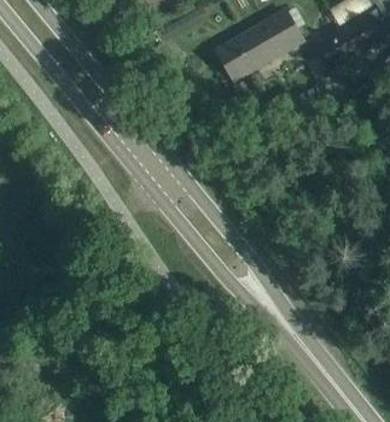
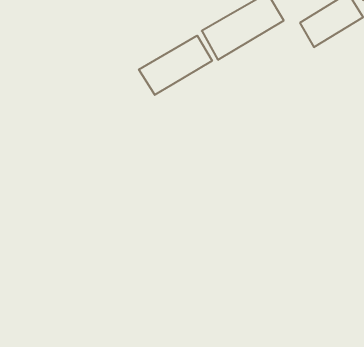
building: none -> [139,36,212,95]

